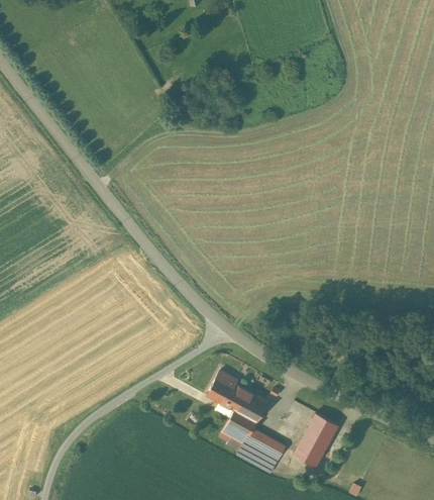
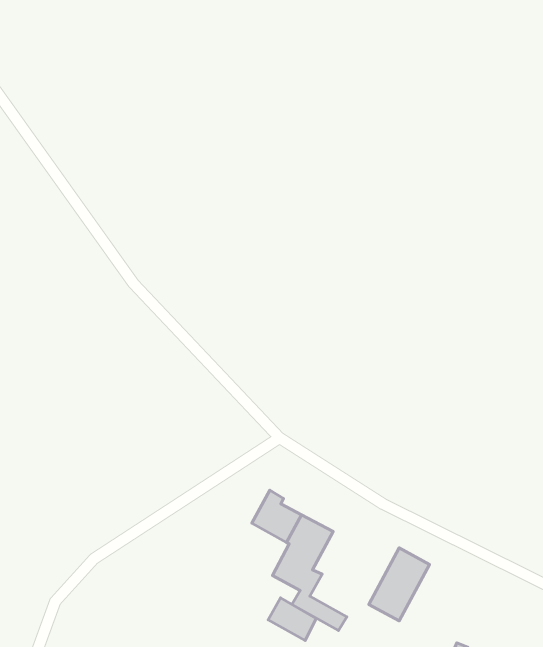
building: [250,432,286,464] -> [268,598,316,640]

